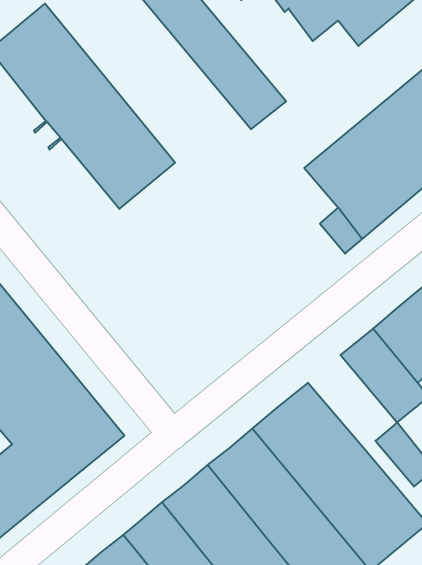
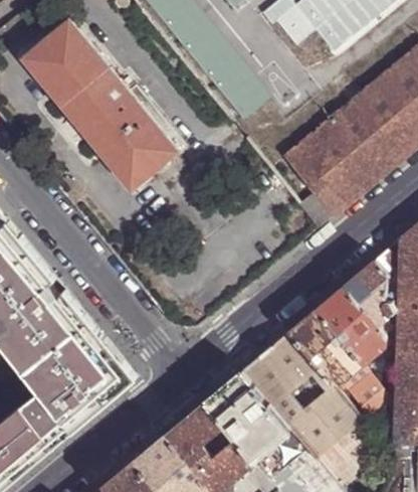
building: none -> [286,312,361,390]

